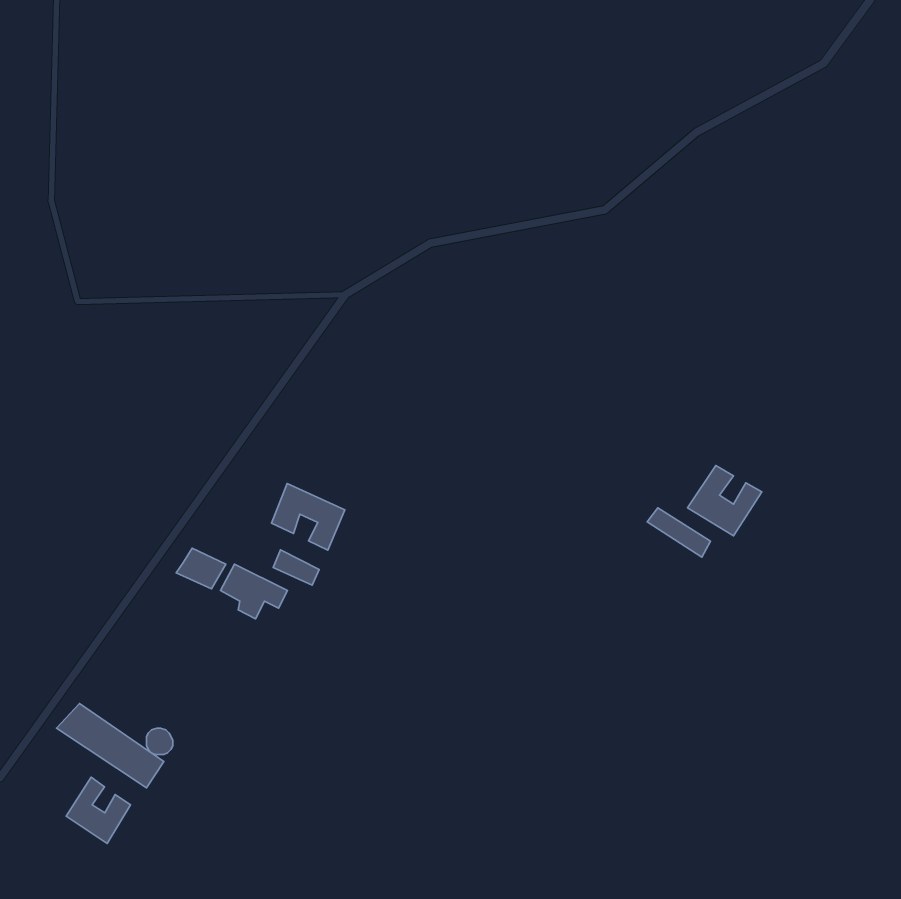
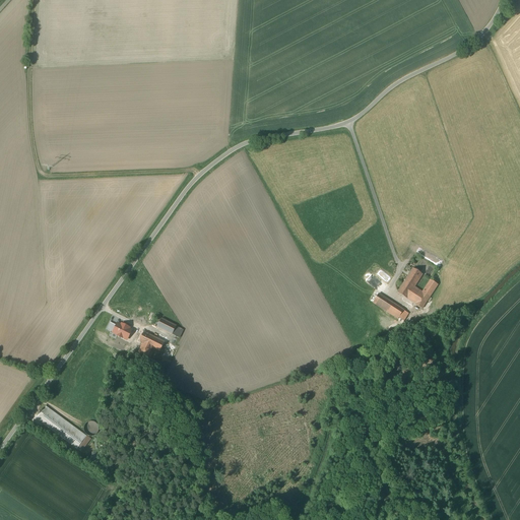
building: [271,484,345,550] -> none
building: [66,777,131,843] -> none

